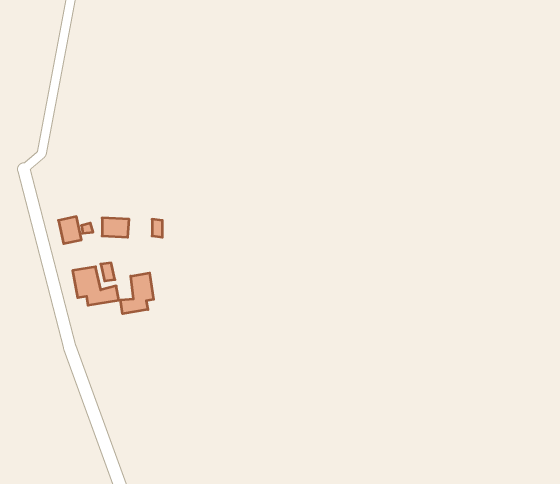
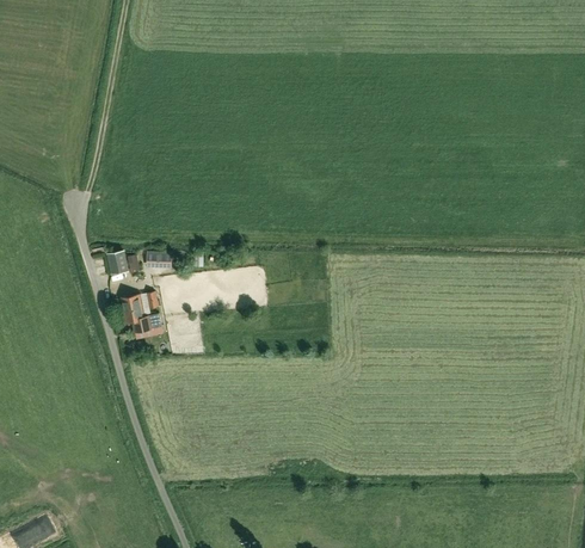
building: [121,273,154,314] -> none

